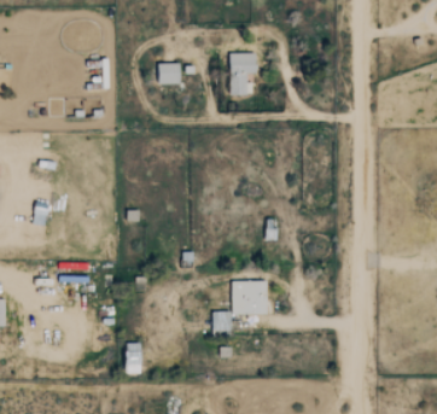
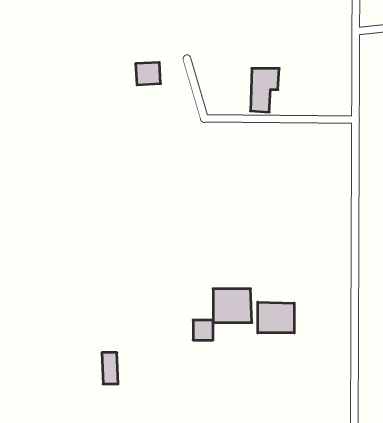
building: [229,53,257,95] -> [250,68,279,112]
building: none -> [258,302,294,333]

